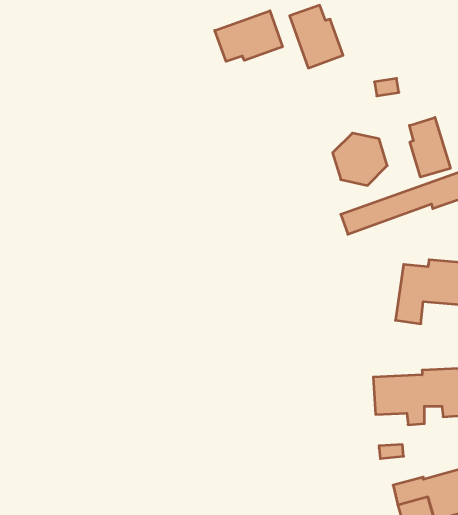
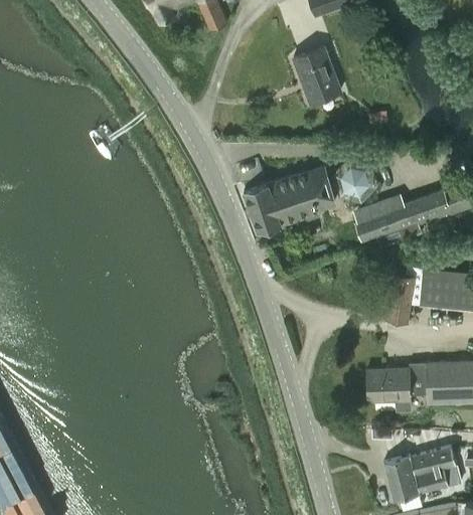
building: [215,11,282,61] -> none
building: [409,117,450,177] -> none
building: none -> [244,165,336,231]

